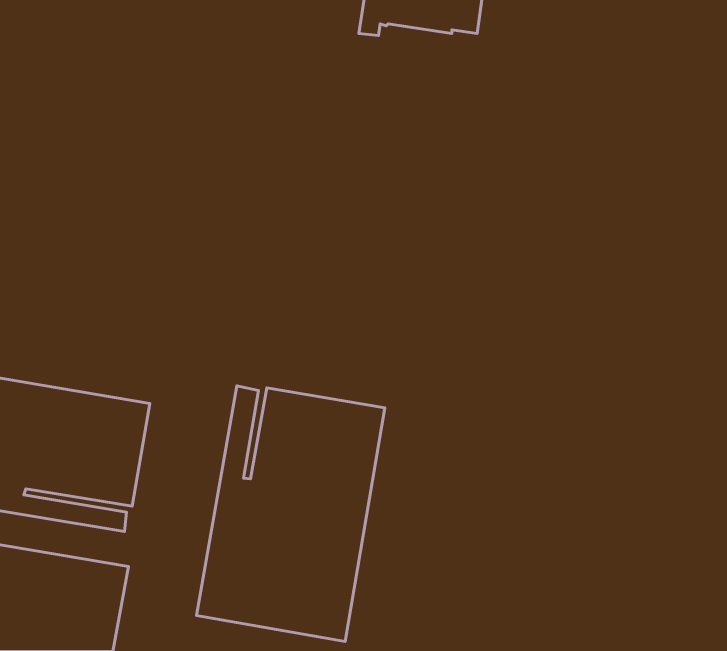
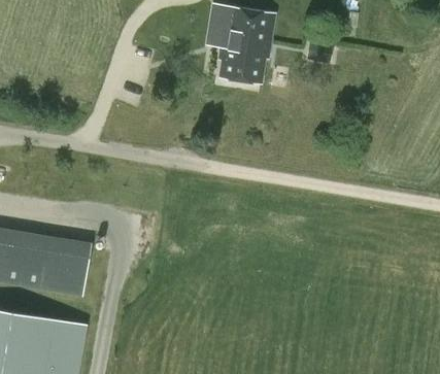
building: none -> [217,39,270,83]
building: [196,386,385,641] -> none

